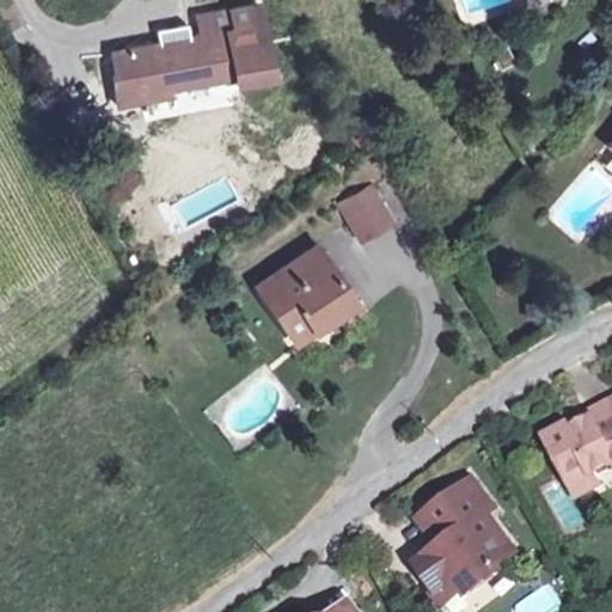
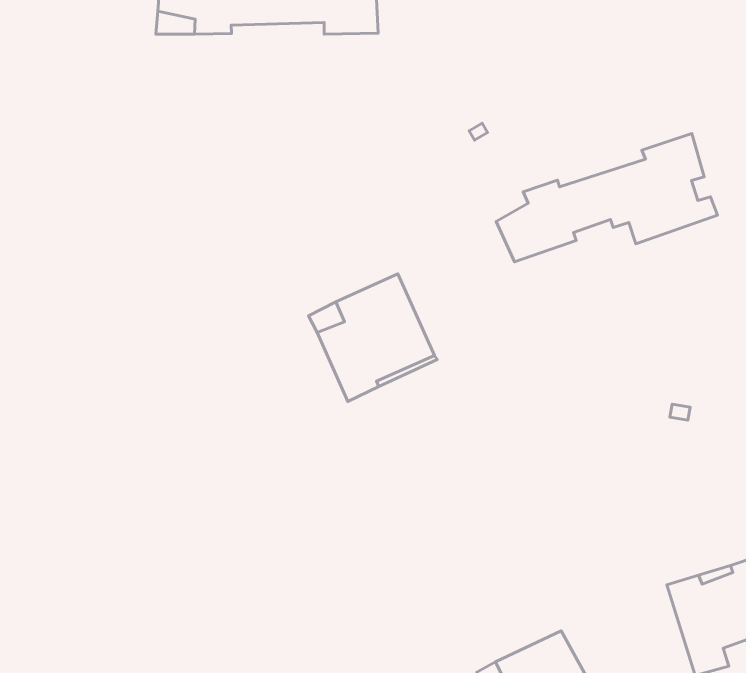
building: none -> [496,133,718,262]
building: [339,188,390,240] -> none

